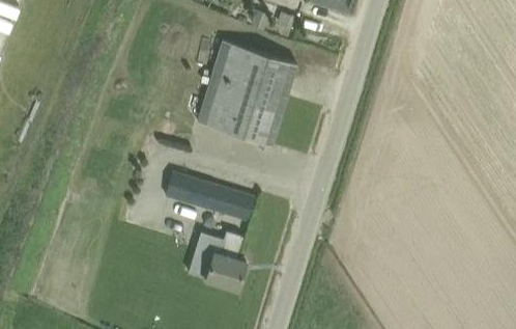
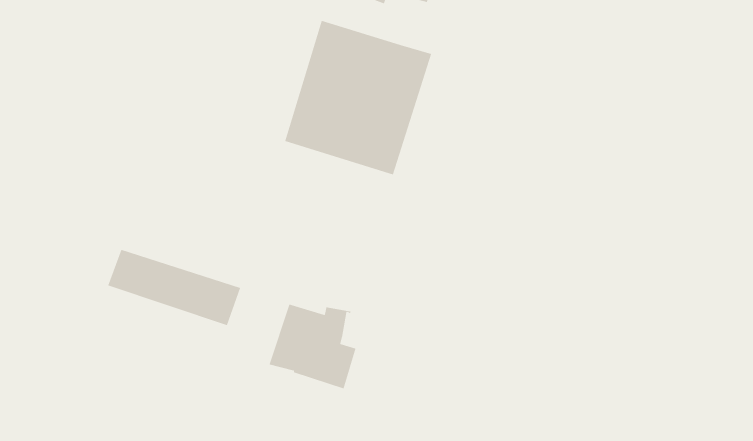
building: [165,170,255,222] -> [107,249,241,326]

